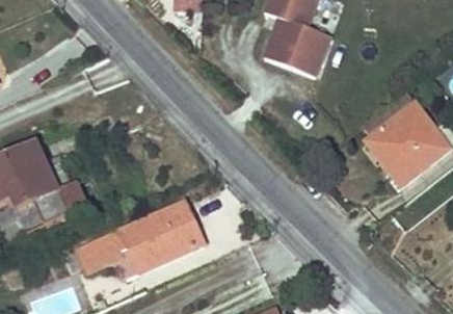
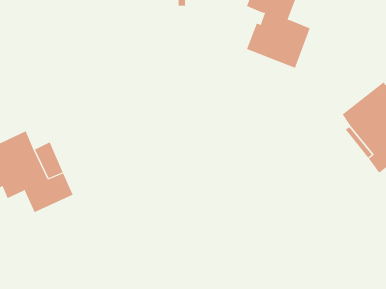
building: [78,202,204,272] -> none

